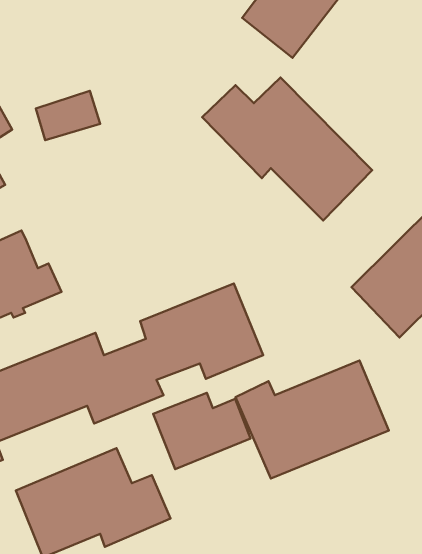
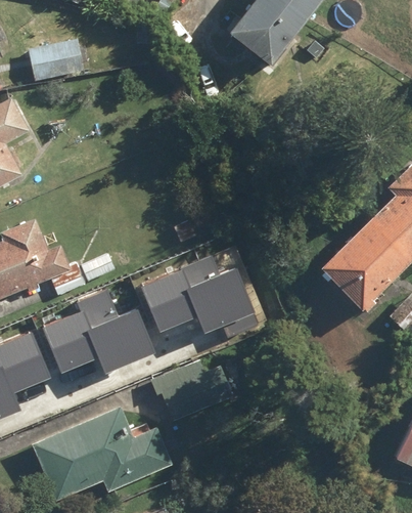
building: [202,77,372,220] -> none
building: [36,91,100,140] -> [28,38,84,81]
building: [235,361,389,479] -> none

